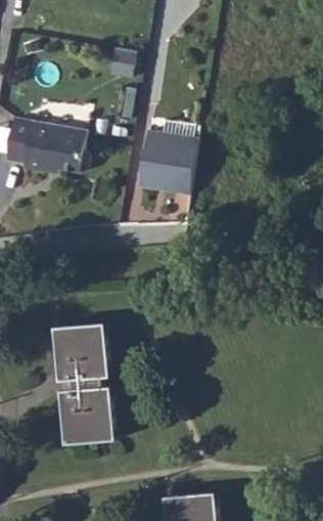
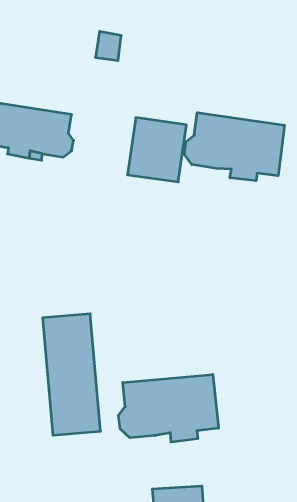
building: none -> [185,113,284,181]
building: none -> [118,374,218,442]

